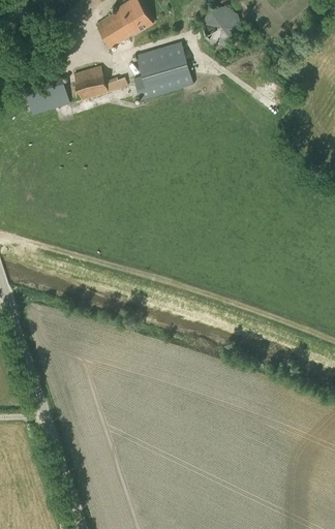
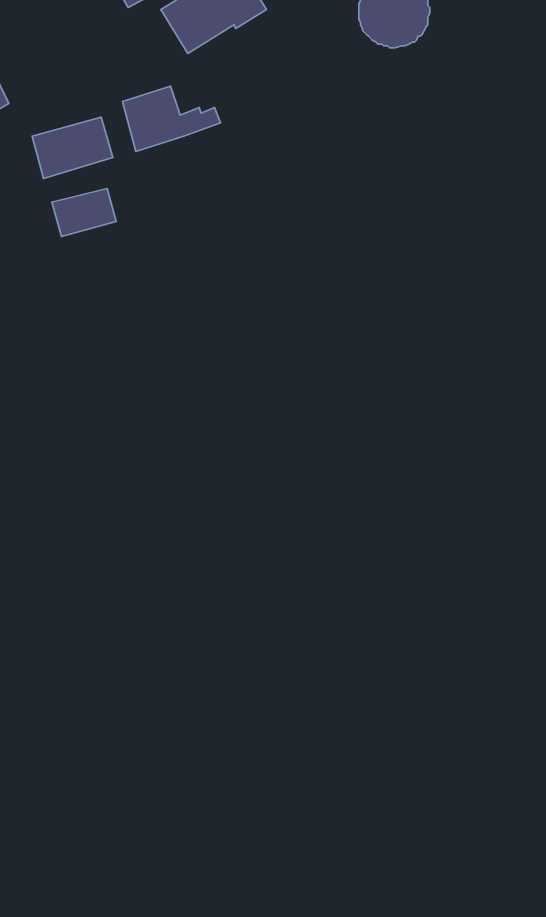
building: [133,41,193,100] -> none
building: none -> [52,188,116,237]

